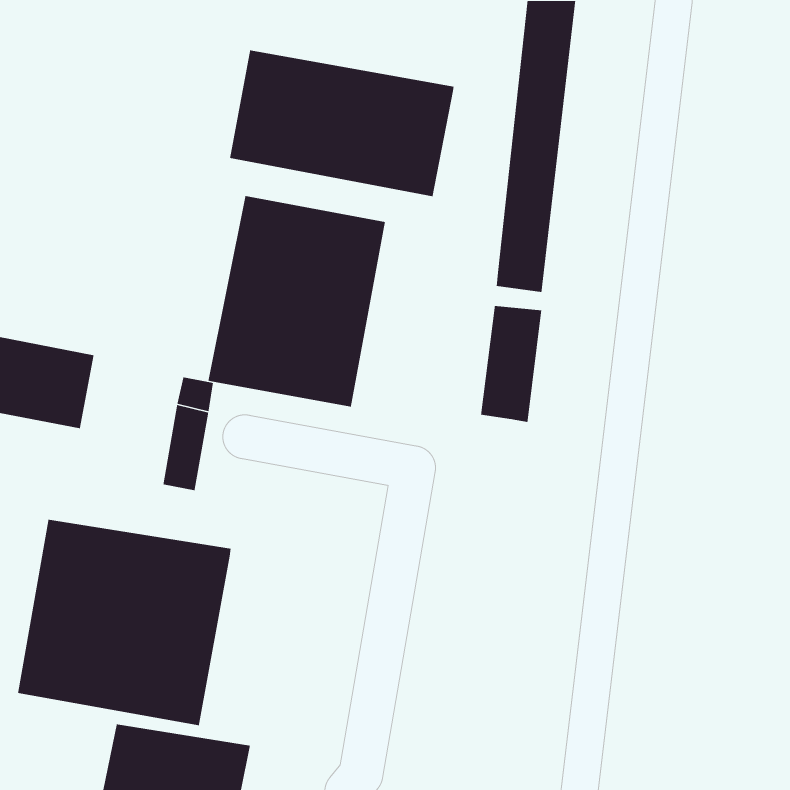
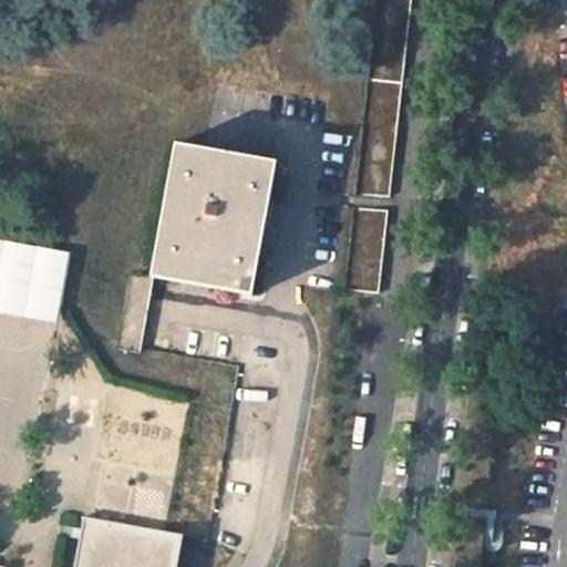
building: [229,50,454,197] -> none
building: [17,519,231,726] -> none

